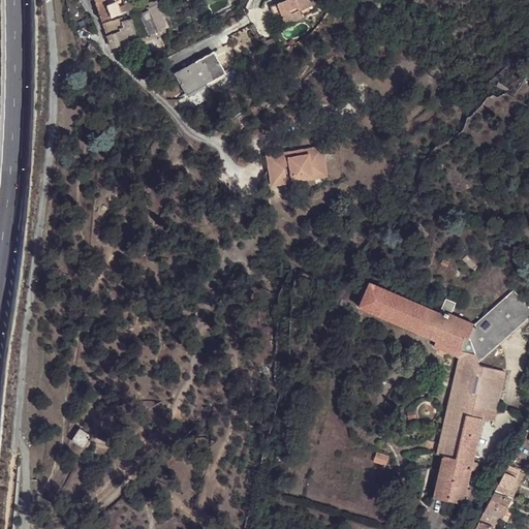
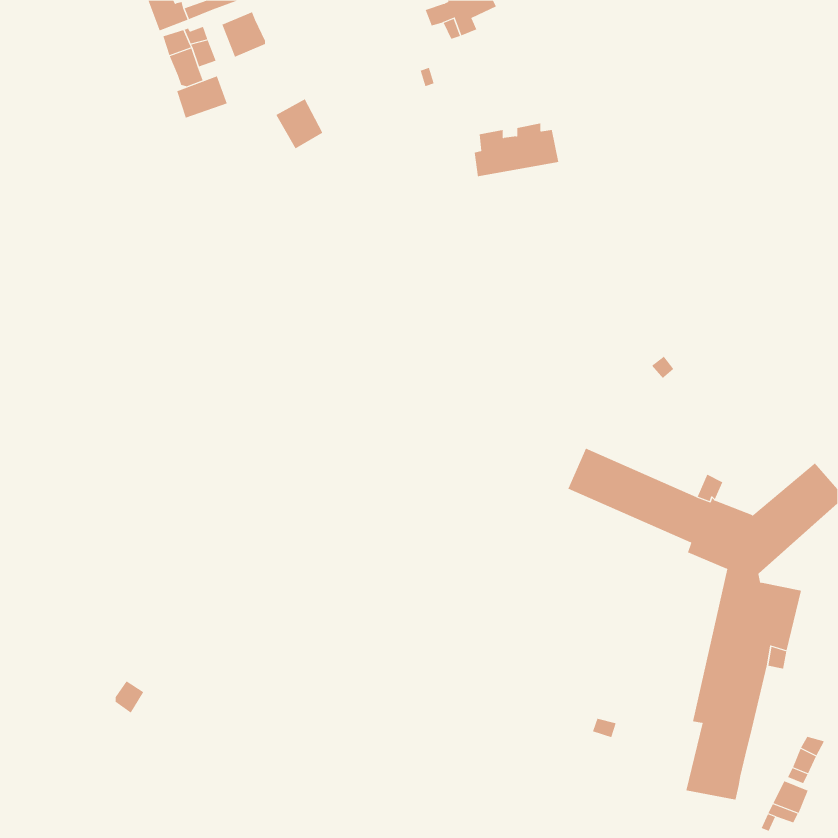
building: none -> [177,75,227,118]
building: [192,51,224,84] -> none
building: [274,153,328,187] -> [474,123,559,177]

